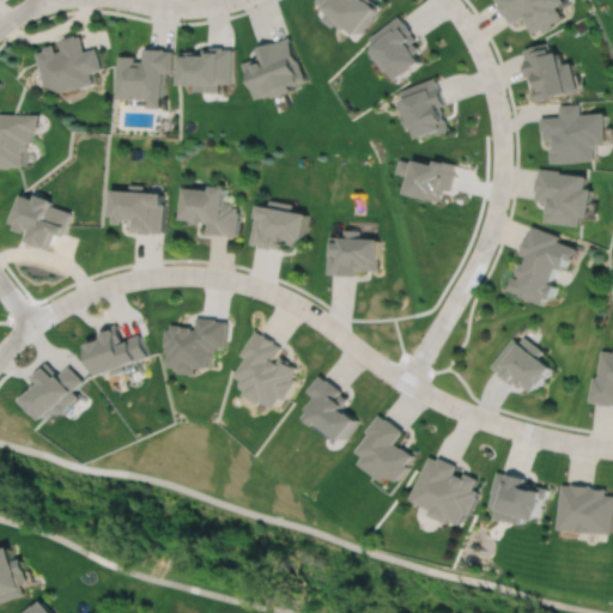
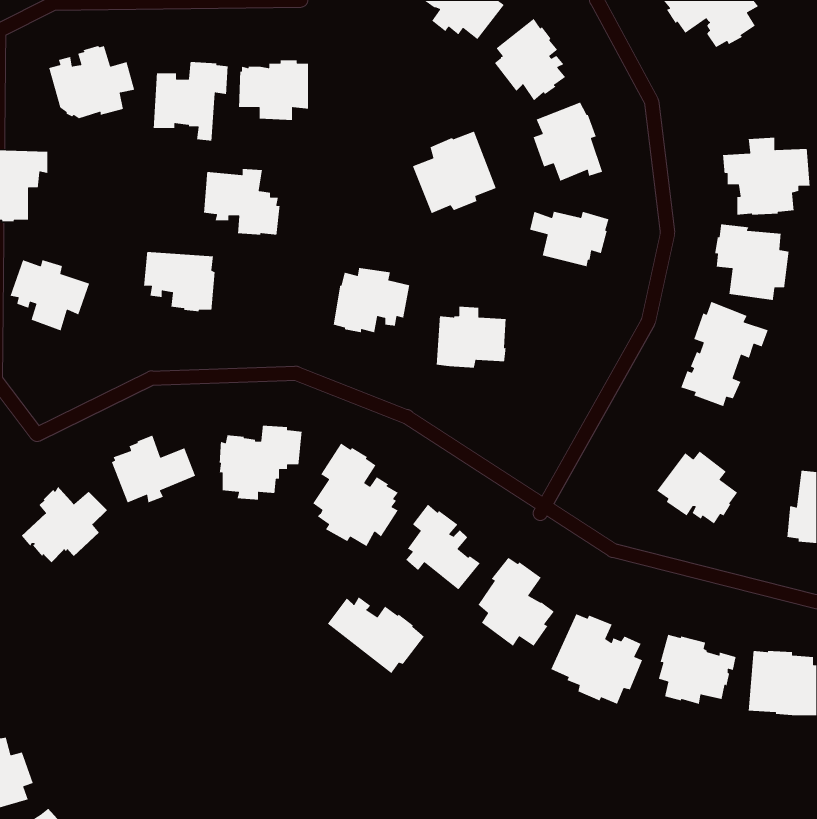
building: [241,37,304,99] -> [412,131,497,214]
building: [520,42,575,102] -> none
building: [178,186,236,236] -> [203,168,280,236]
building: none -> [327,596,425,674]

